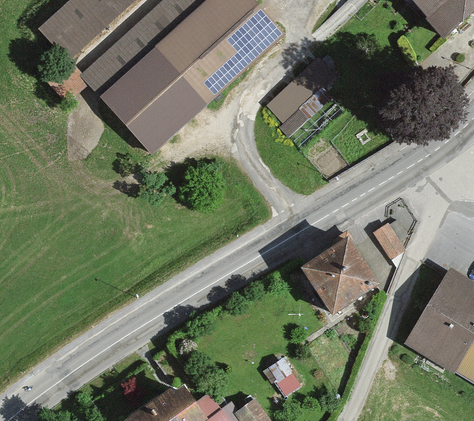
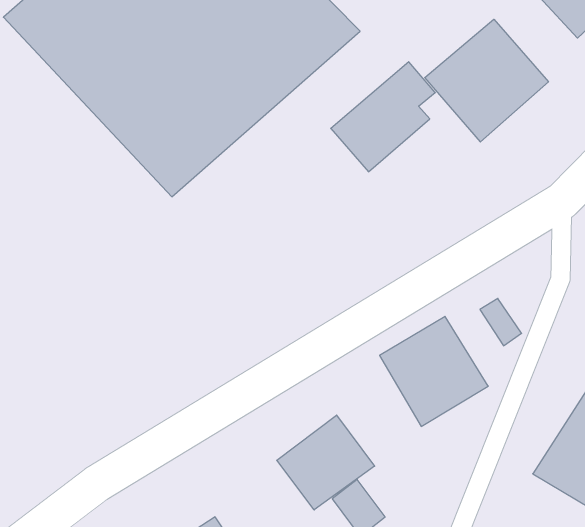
building: none -> [425,19,548,142]
building: none -> [277,415,375,510]

